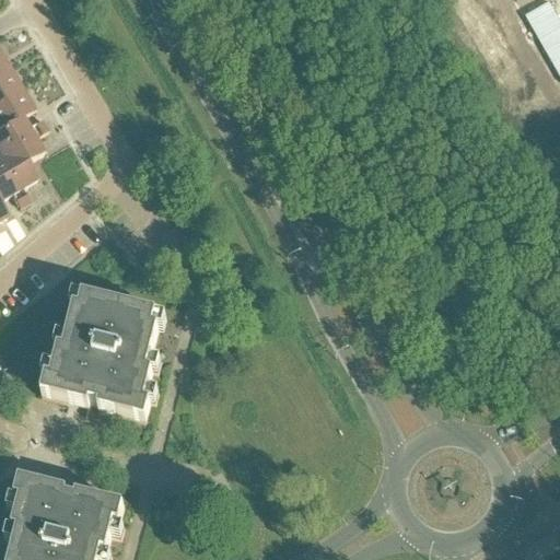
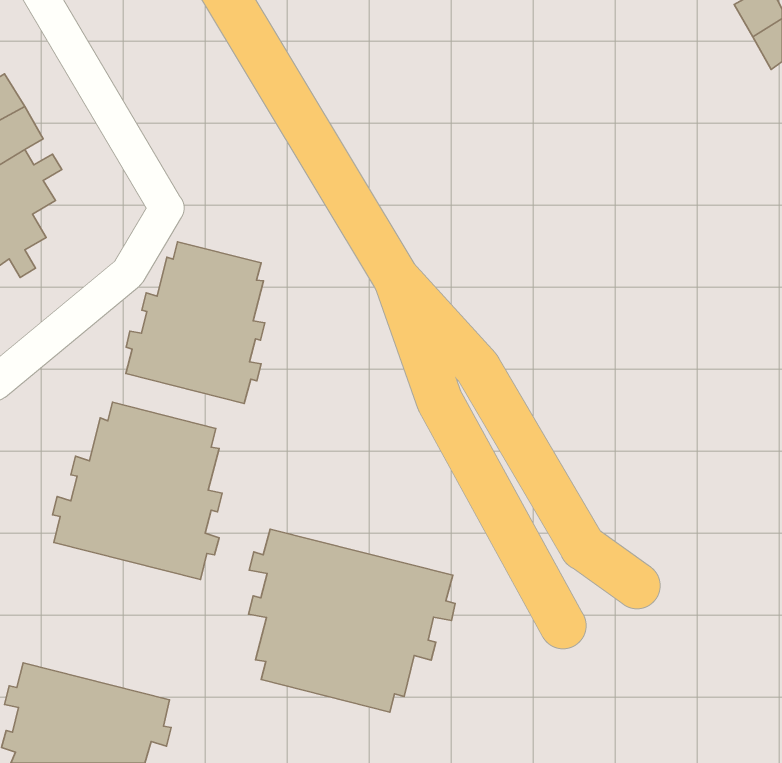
building: none -> [126,242,265,403]
building: none -> [249,529,455,712]

